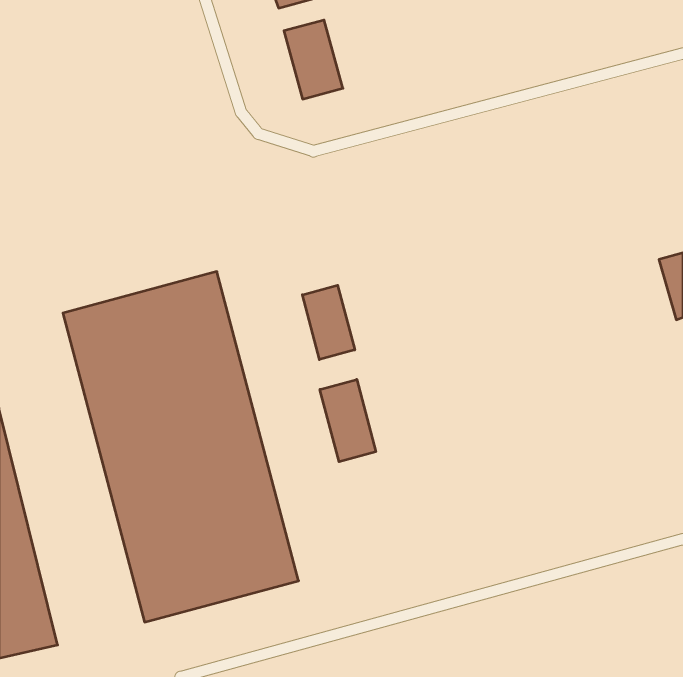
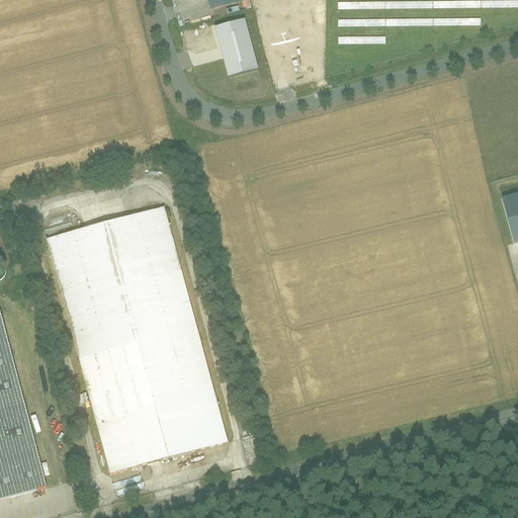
building: [302,285,355,360] -> none
building: [320,379,376,462] -> none

